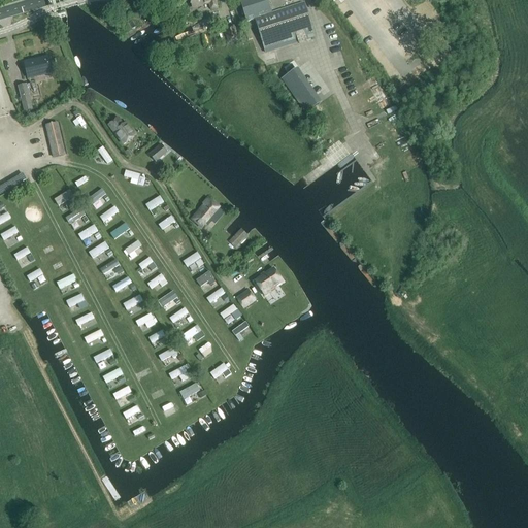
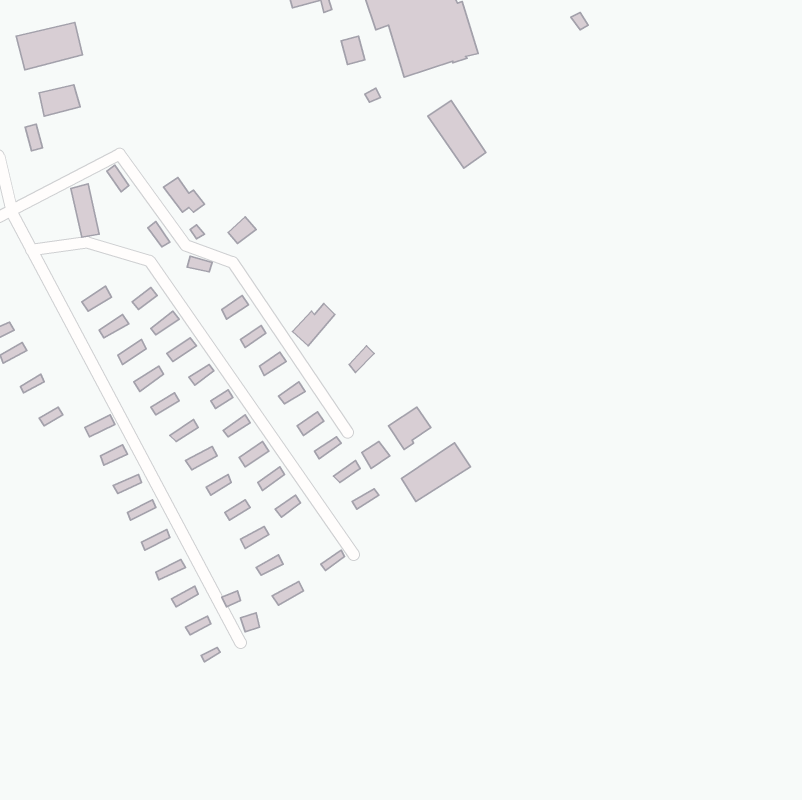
building: none -> [16,23,82,70]
building: none -> [401,443,471,502]

